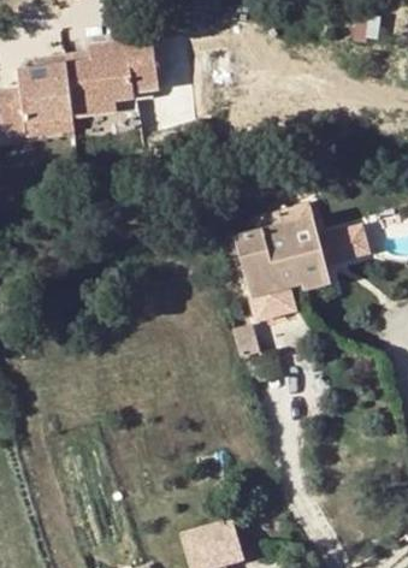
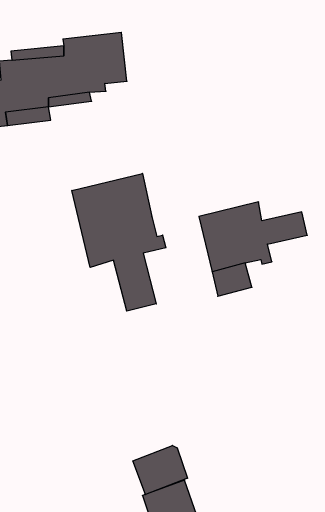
building: none -> [72,173,166,311]
building: none -> [133,445,188,495]

